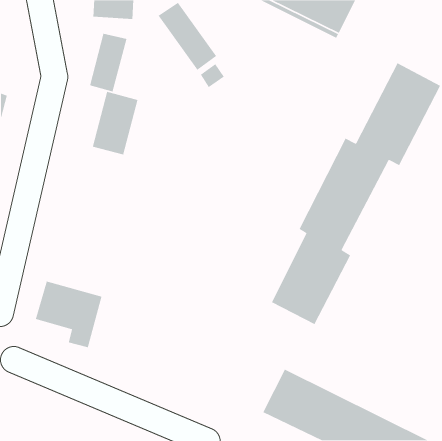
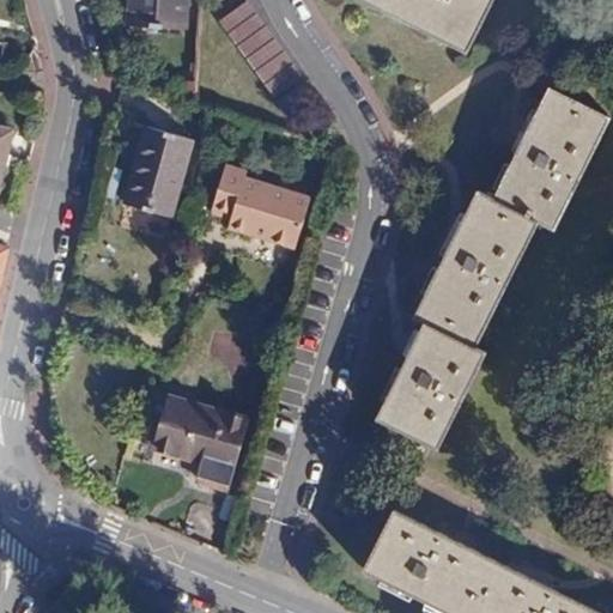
building: [89,33,127,92] -> none
building: none -> [210,160,311,243]
building: [35,281,102,348] -> [153,396,247,490]

